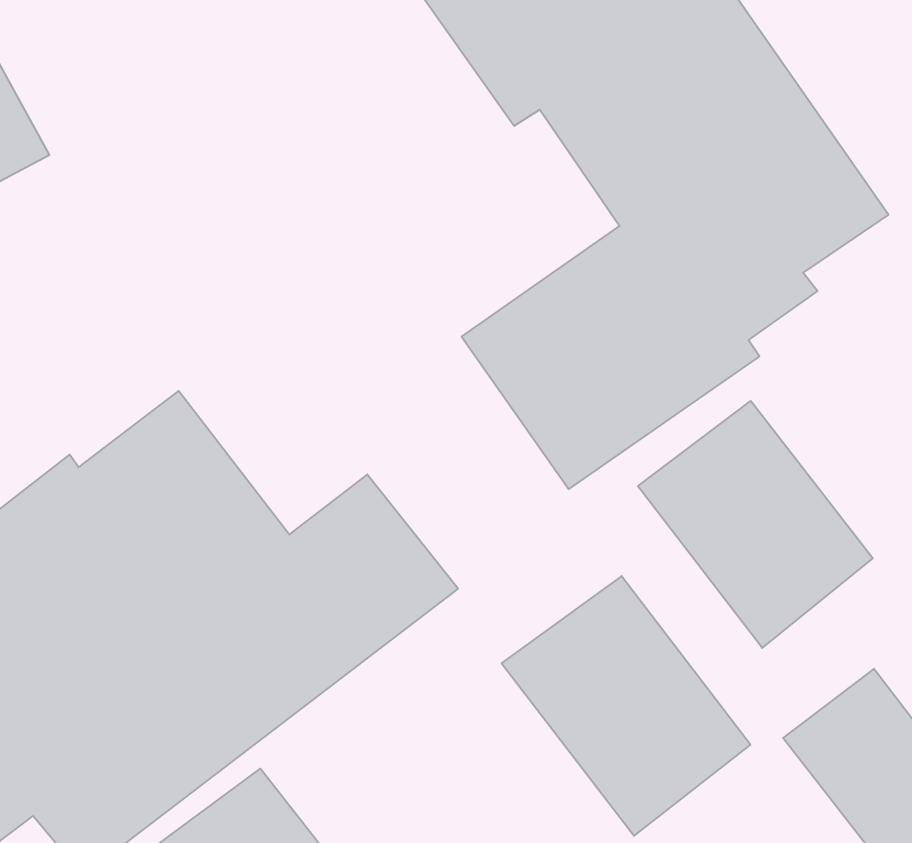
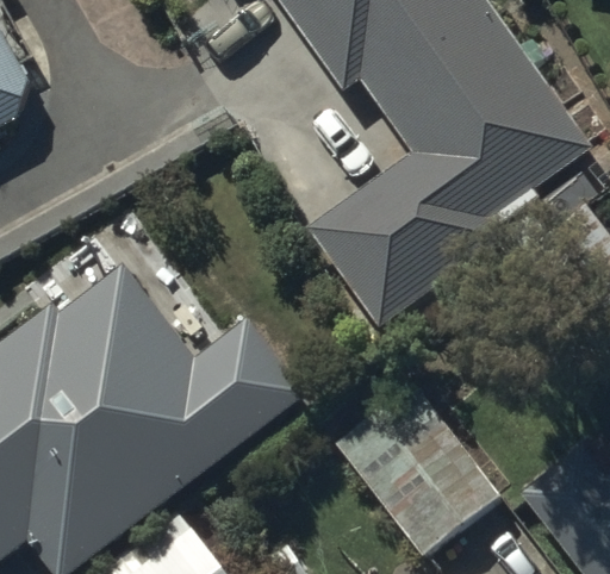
building: [638,401,873,648] -> none

